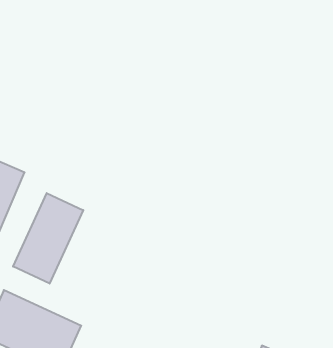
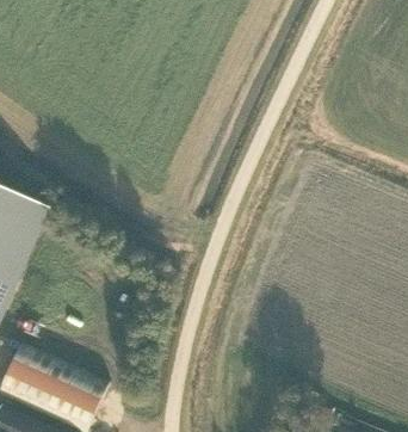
building: [13,193,83,284] -> none

